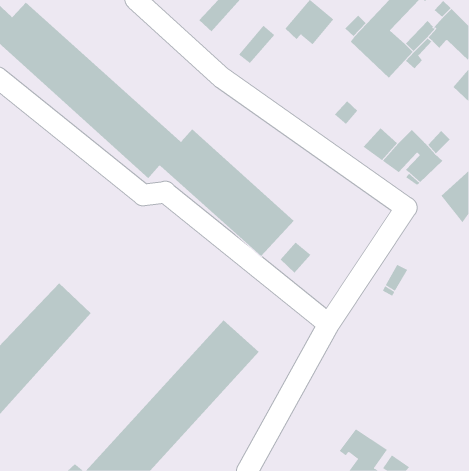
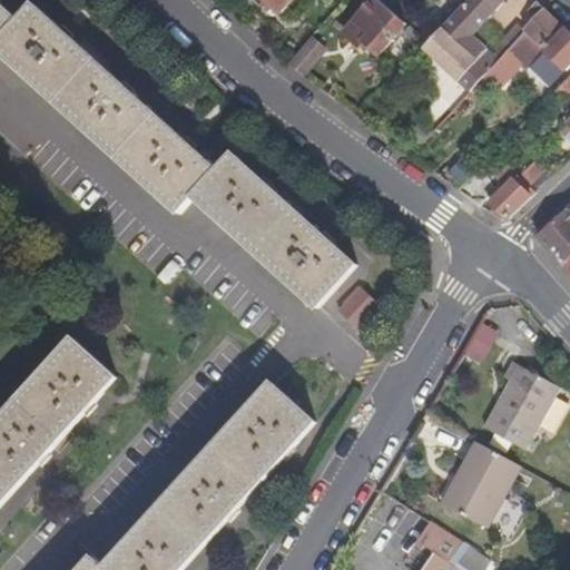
building: none -> [476,355,556,446]
building: none -> [426,435,510,524]

